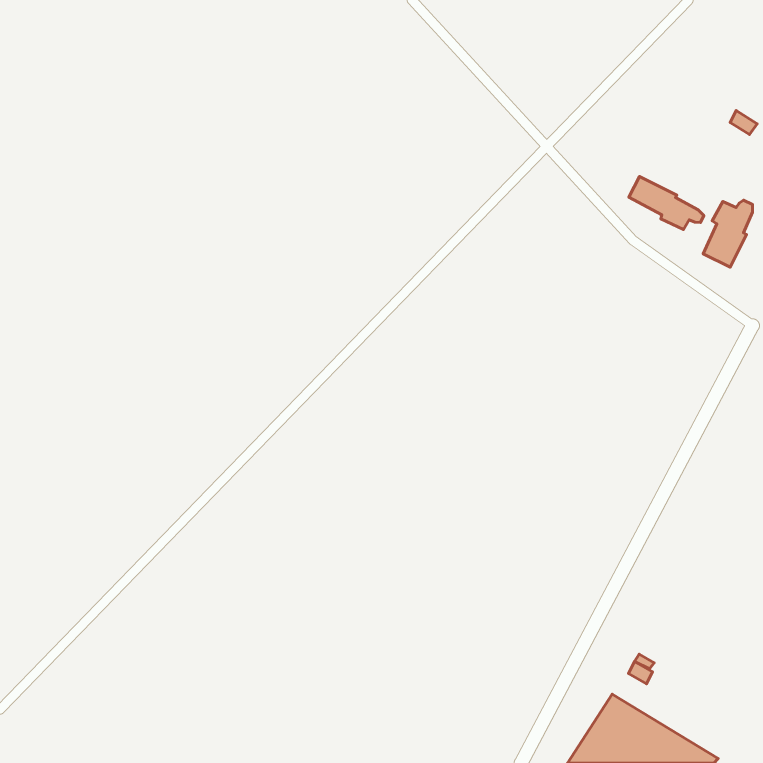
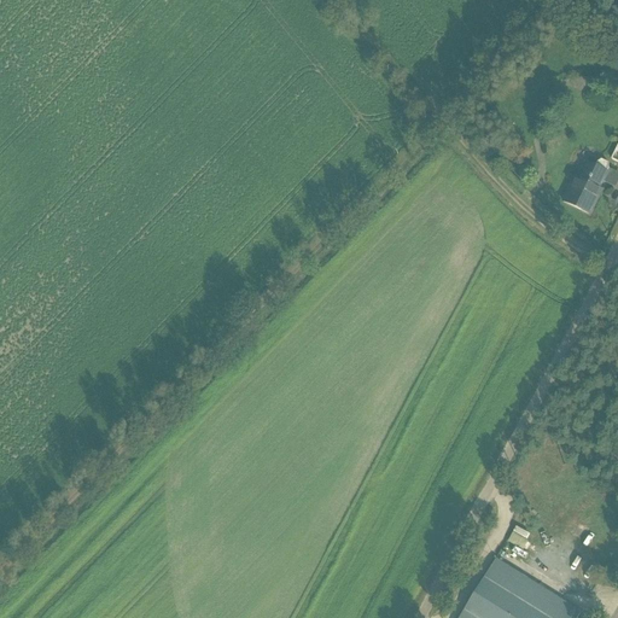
building: [629,176,704,230] -> none

